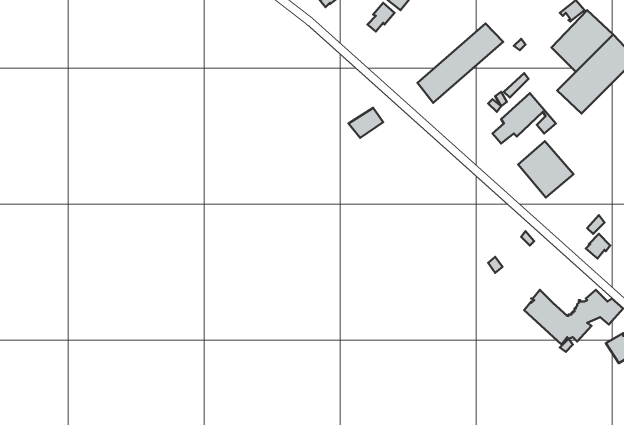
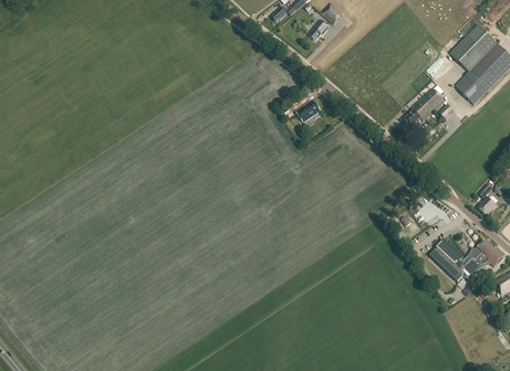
building: [417,24,503,103] -> none
building: [518,141,574,197] -> none

